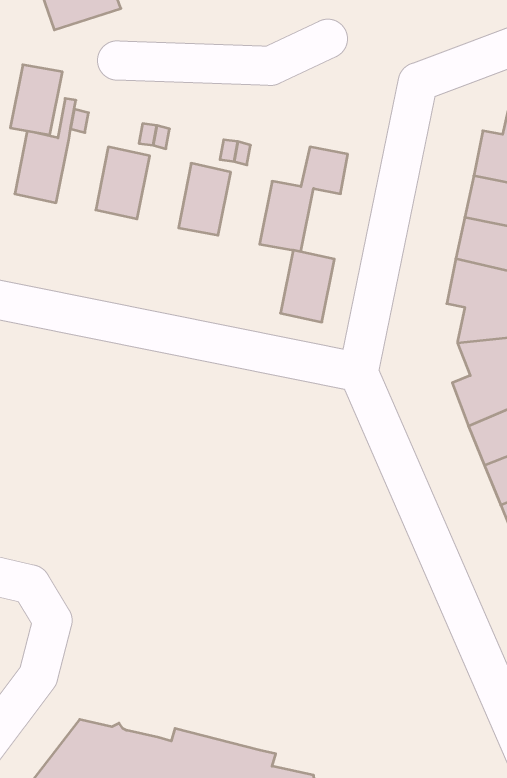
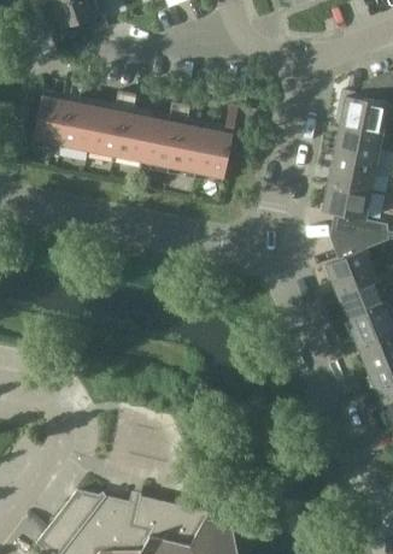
building: [10,65,62,135] -> [61,102,96,149]
building: none -> [116,113,152,161]
building: [280,250,334,322] -> [170,124,206,172]

